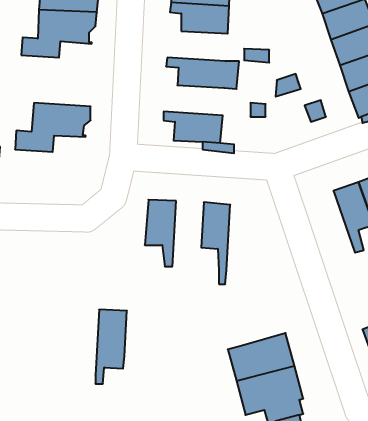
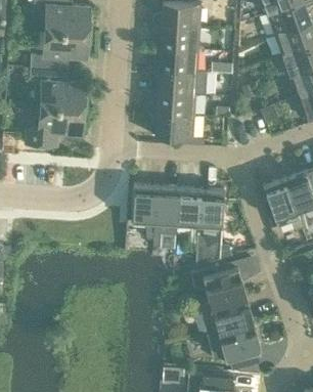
building: none -> [149,48,198,73]
building: none -> [30,68,88,110]
building: none -> [146,92,195,117]
building: none -> [263,178,302,230]
building: none -> [196,189,232,265]
building: none -> [190,262,245,304]
building: [95,310,127,384] -> [153,186,179,247]

